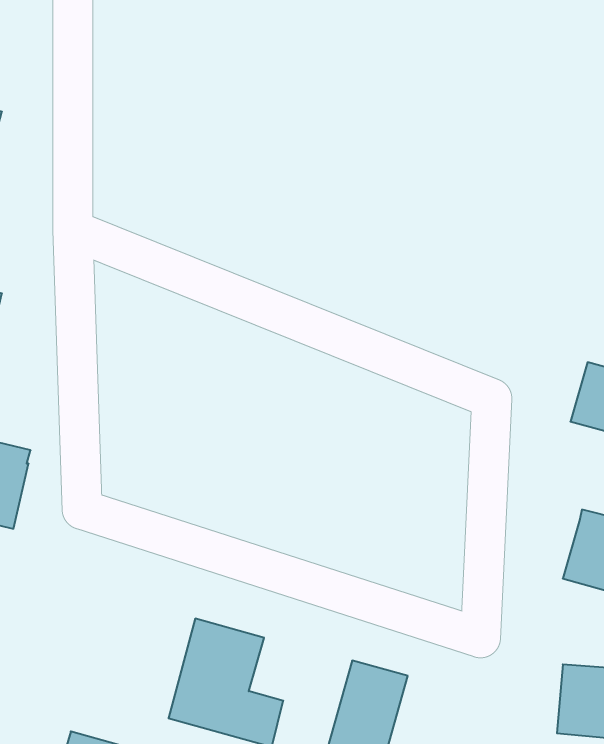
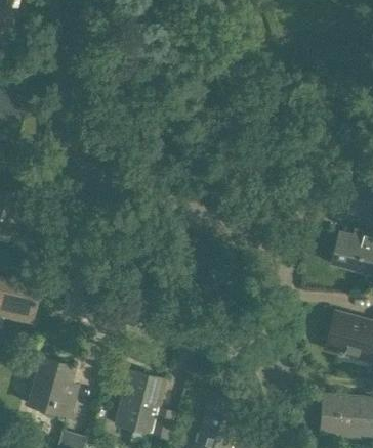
building: none -> [28,356,75,415]

